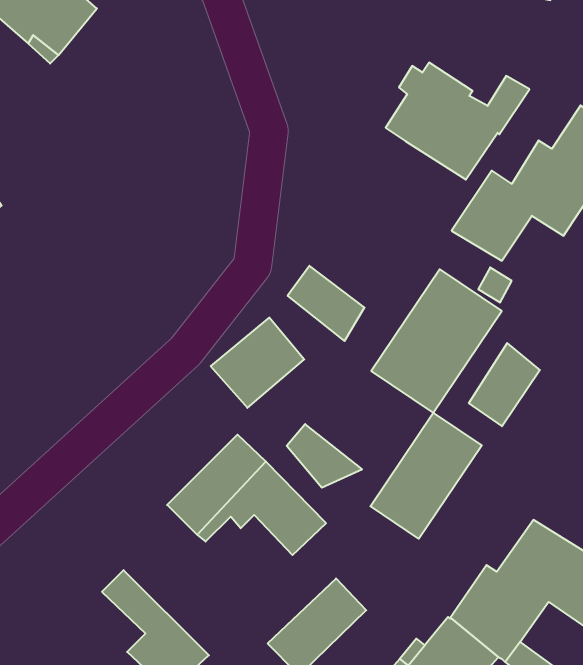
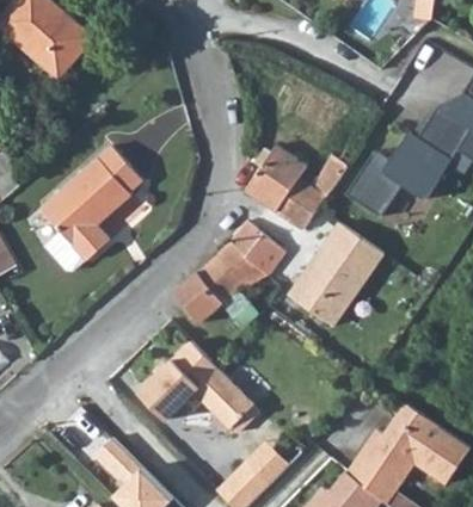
building: [386,63,529,180] -> [245,146,348,229]
building: none -> [42,147,142,267]
building: [469,343,540,426] -> none
building: [370,413,482,539] -> none
building: [287,424,362,488] -> [216,242,270,287]

